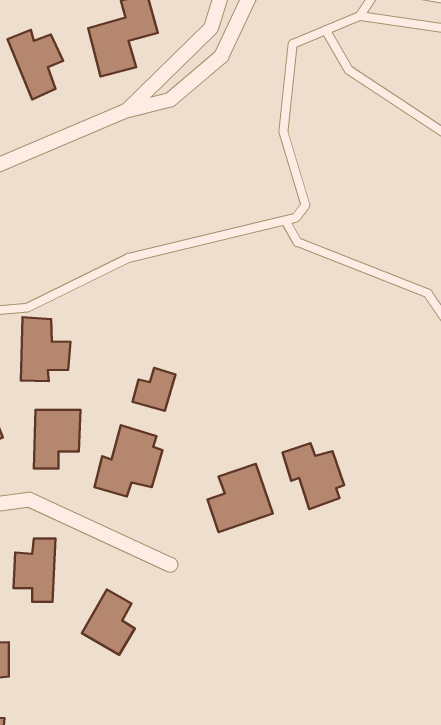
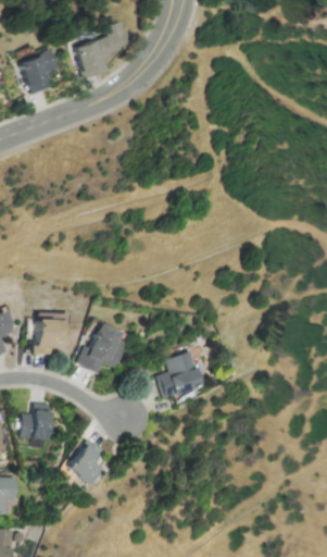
building: [21,317,70,381] -> none
building: [132,368,175,411] -> none
building: [283,443,344,509] -> none

